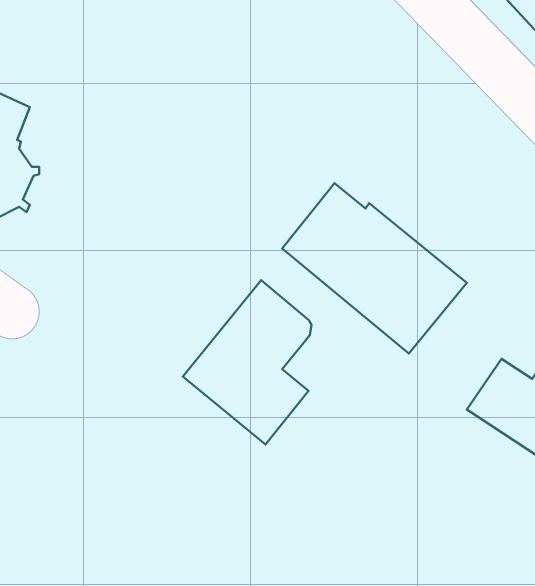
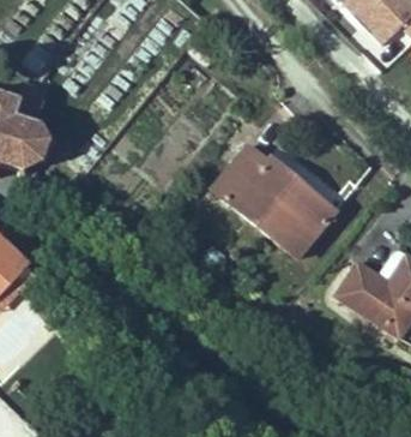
building: [183,280,312,444] -> none

